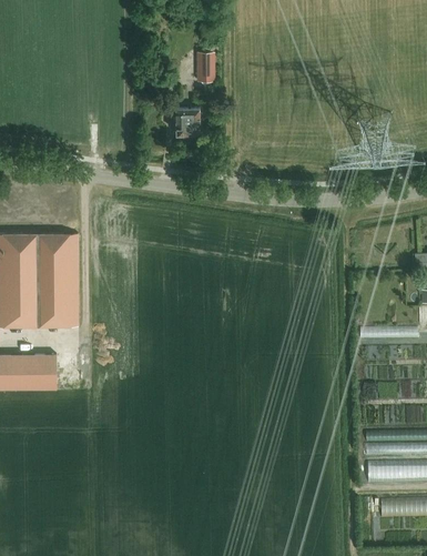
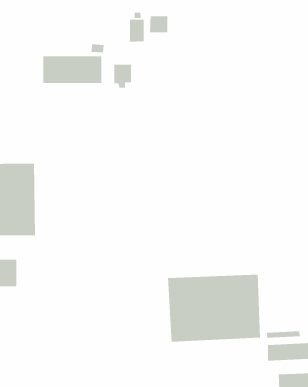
building: none -> [149,15,168,33]
building: none -> [42,56,102,84]
building: none -> [167,274,261,343]

